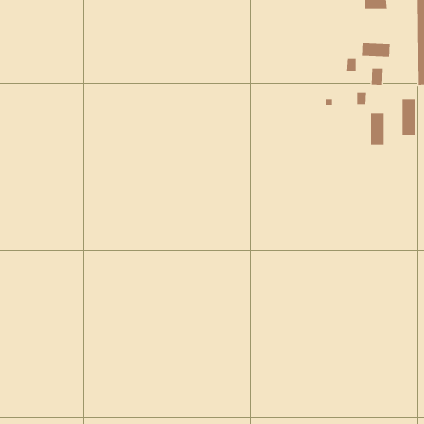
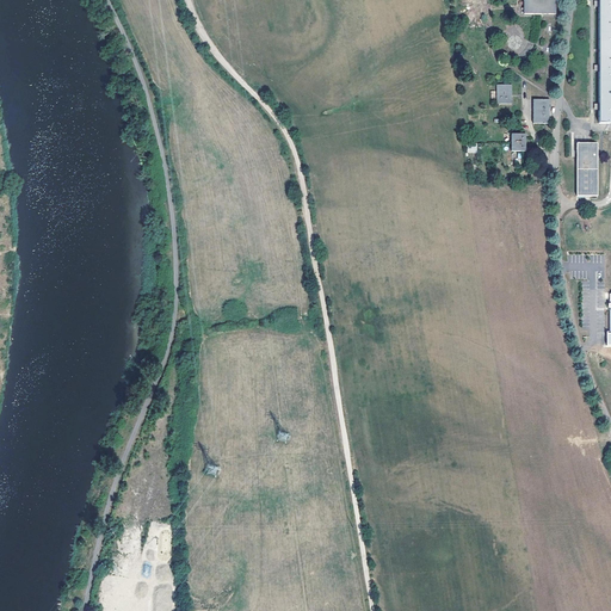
building: [362,42,390,57] -> none
building: [371,112,384,145] -> none

